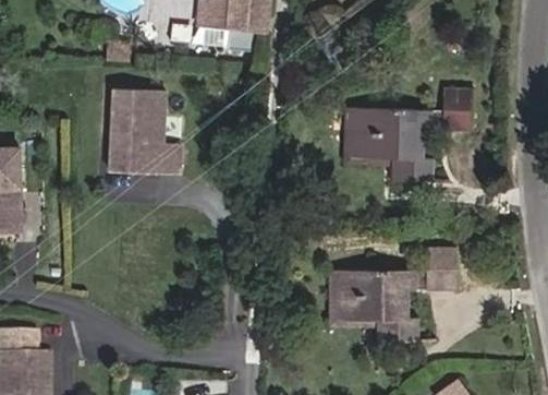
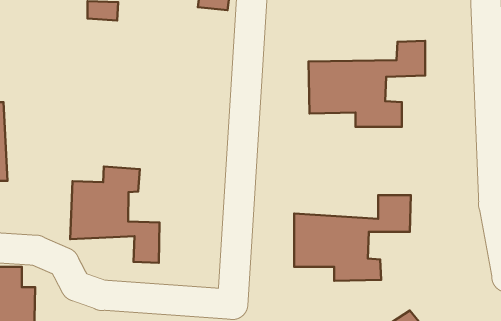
building: [115,91,186,176] -> none
building: none -> [70,167,160,263]

